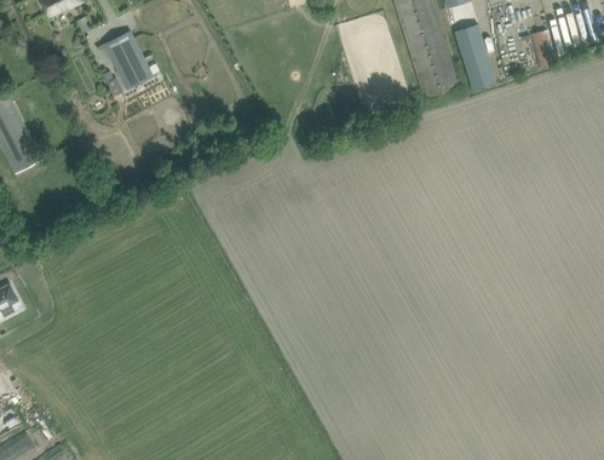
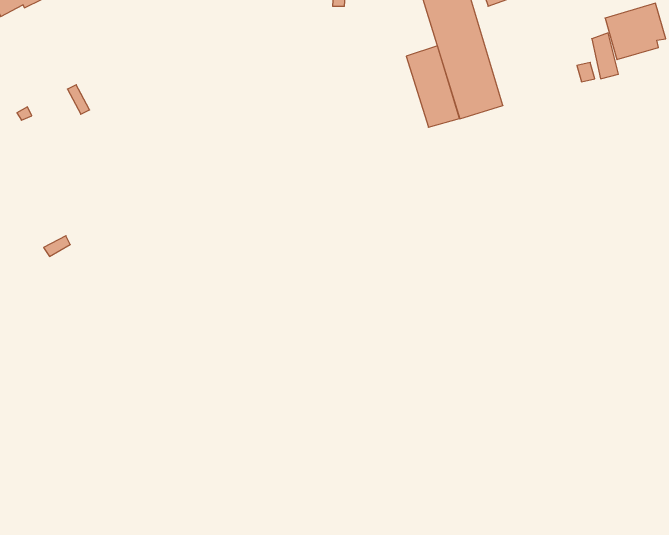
building: [453,23,496,90] -> [406,46,460,127]
building: [103,30,153,90] -> none

